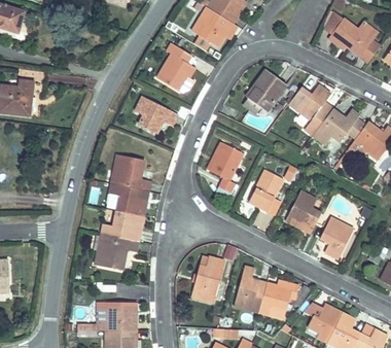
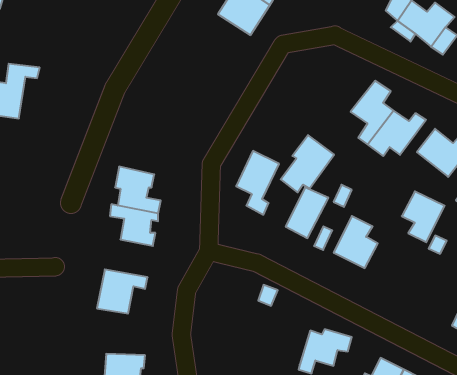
building: [156,43,196,92] -> none
building: [242,70,284,115] -> [281,135,334,192]
building: [134,96,177,134] -> none
building: [103,210,141,240] -> none
building: [319,217,353,257] -> [402,191,445,242]
building: [189,257,221,300] -> none
building: [234,266,265,309] -> none

